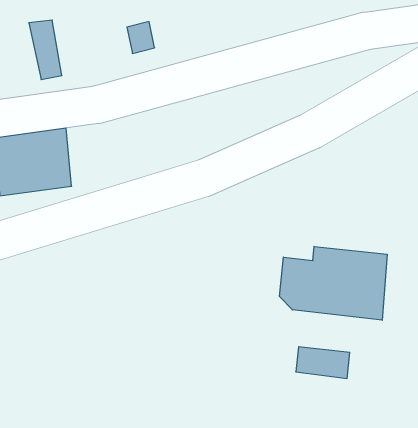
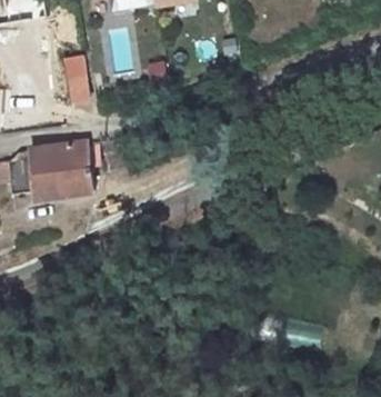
building: [280,246,387,320] -> none

